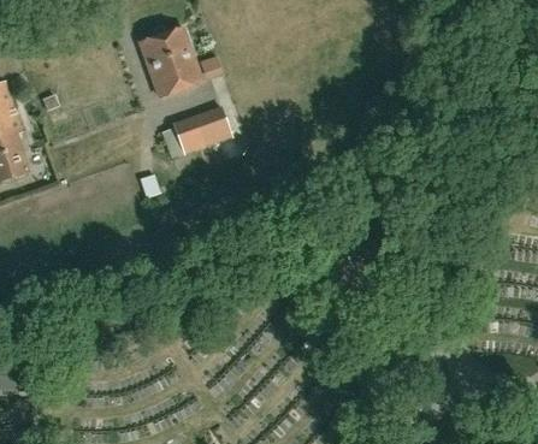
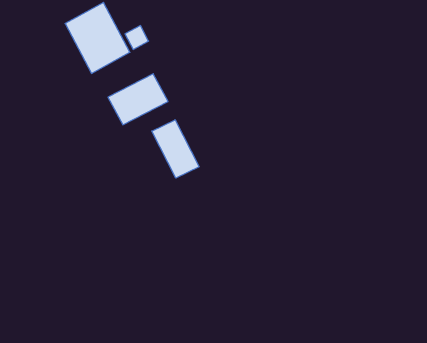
building: none -> [152,120,199,178]

